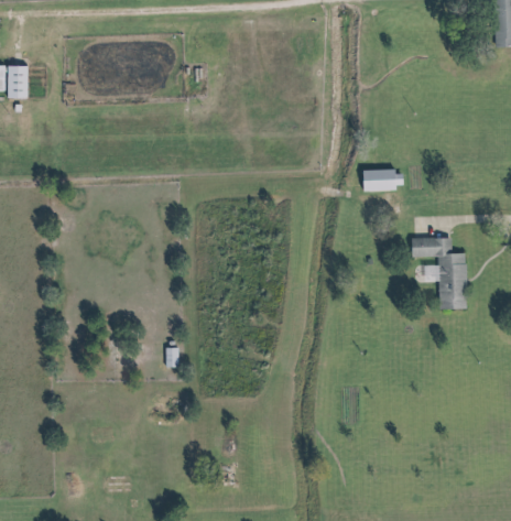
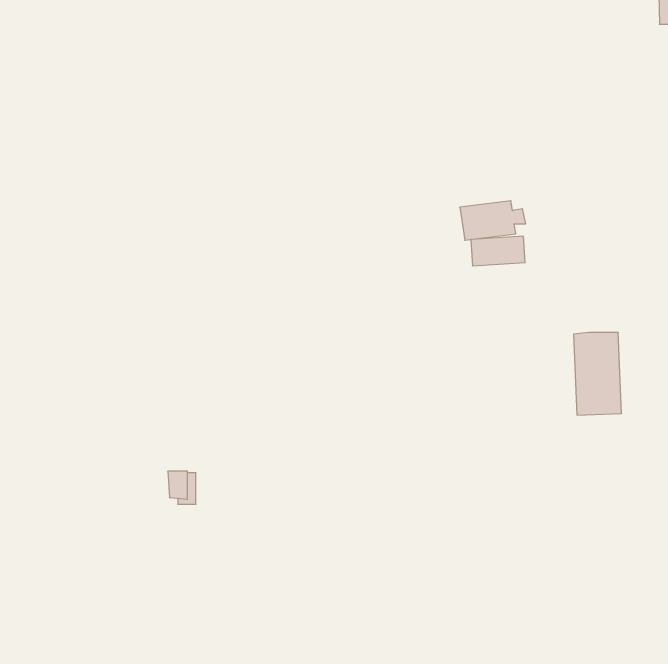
building: [410,237,446,257] -> [471,236,525,266]

